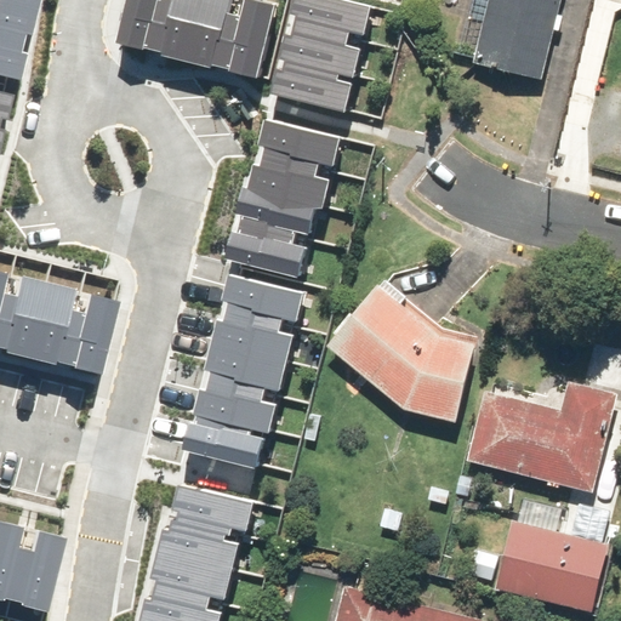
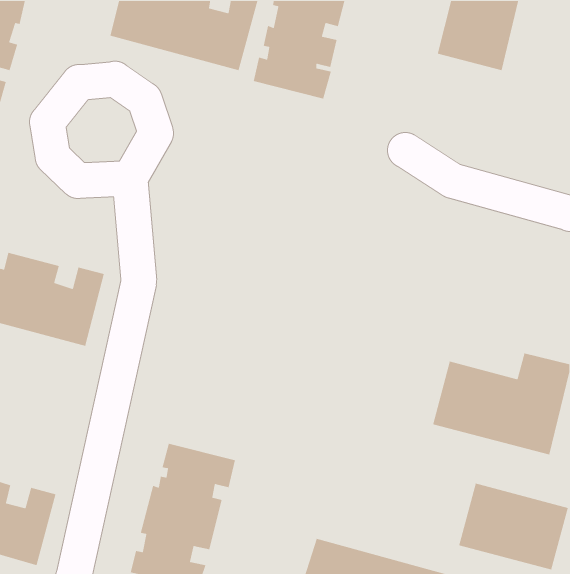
building: [229,114,340,270] -> none
building: [183,269,304,463] -> none
building: [325,279,475,426] -> none

